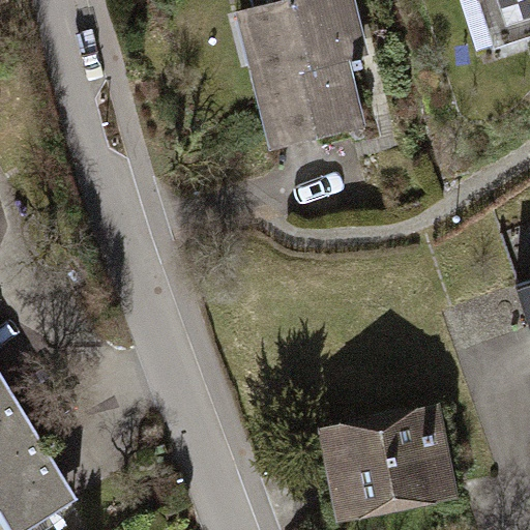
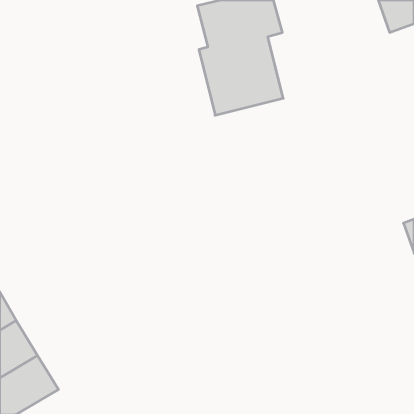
building: [341,415,445,504] -> none

